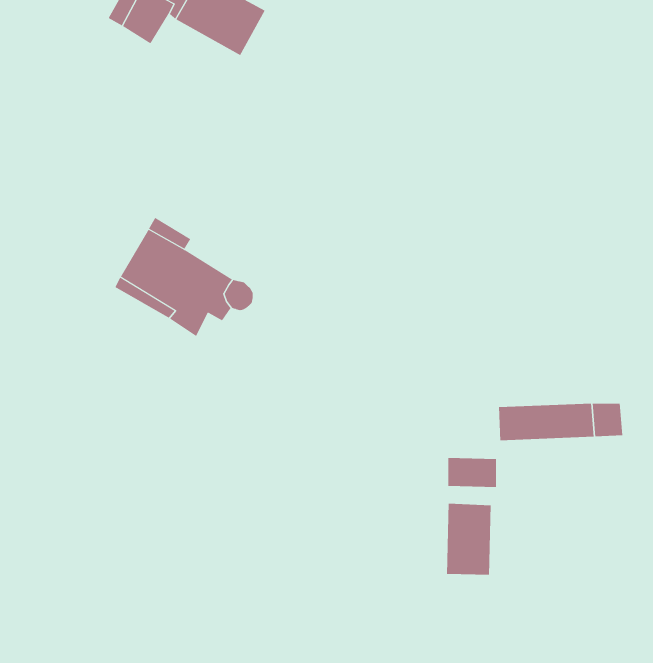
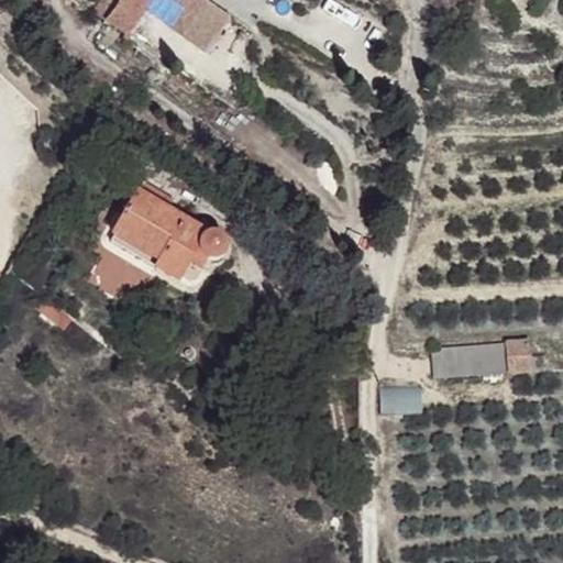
building: [446,503,491,576] -> none

